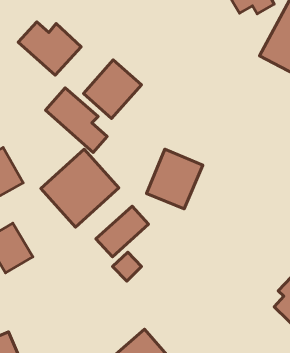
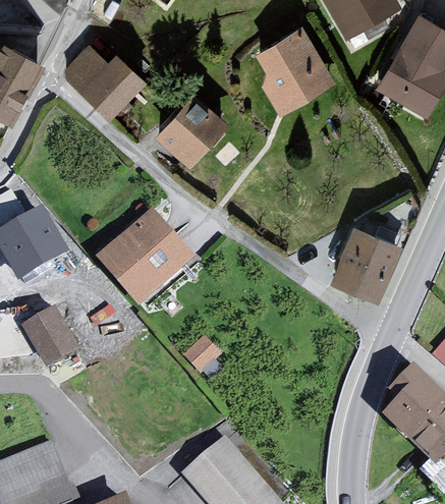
building: none -> [245,24,334,114]
building: [46,88,107,153] -> none
building: [146,149,203,209] -> [325,227,396,302]
building: [96,206,149,257] -> none

